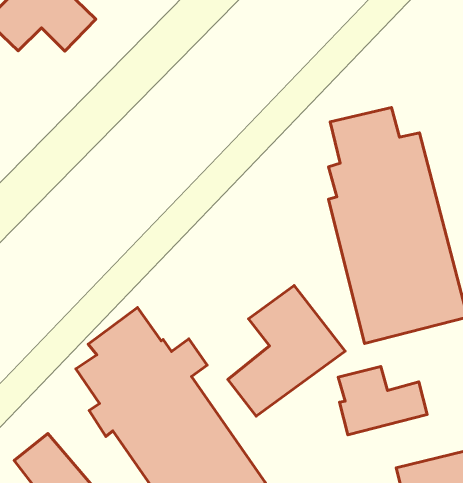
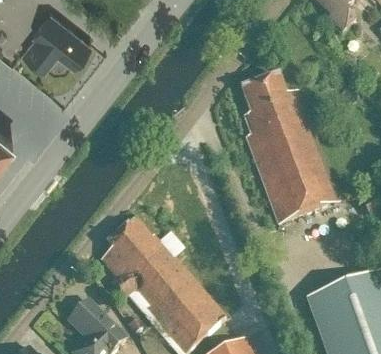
building: [228,286,345,416] -> none
building: [338,367,427,435] -> none

